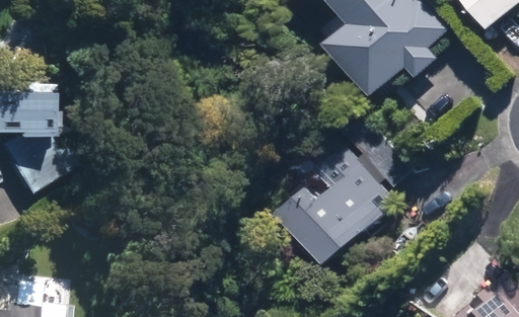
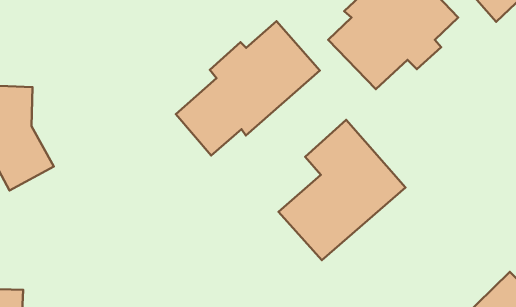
building: none -> [176,21,320,156]

